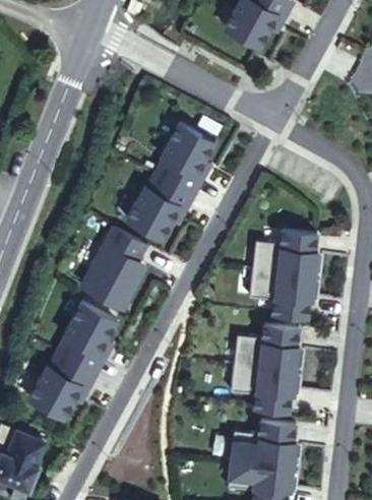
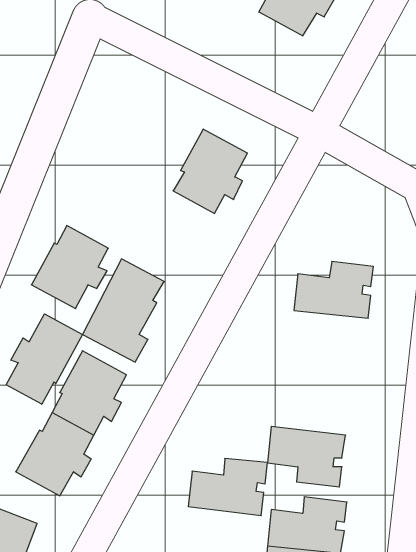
building: [127,174,189,241] -> [31,226,108,309]
building: [250,270,313,319] -> none
building: none -> [6,314,82,404]
building: [235,325,299,371] -> [188,459,268,515]

